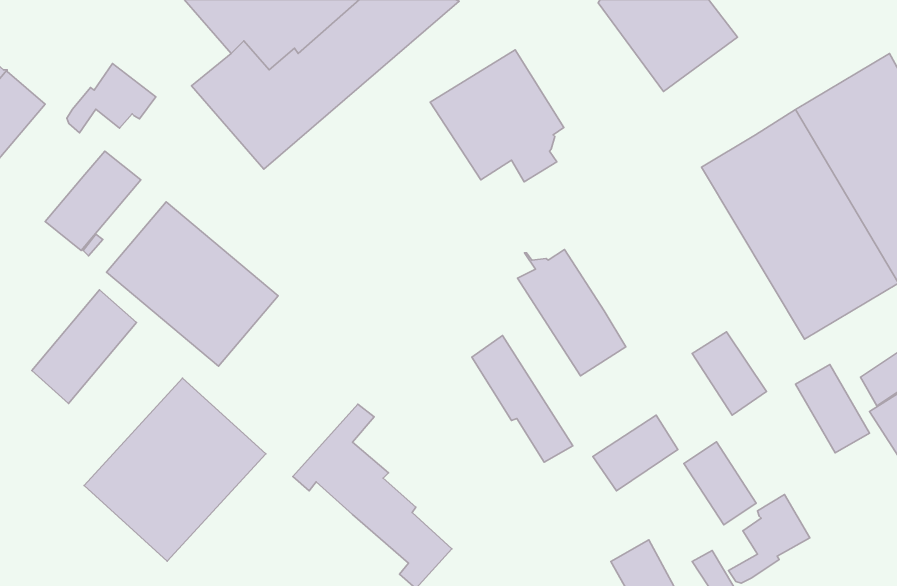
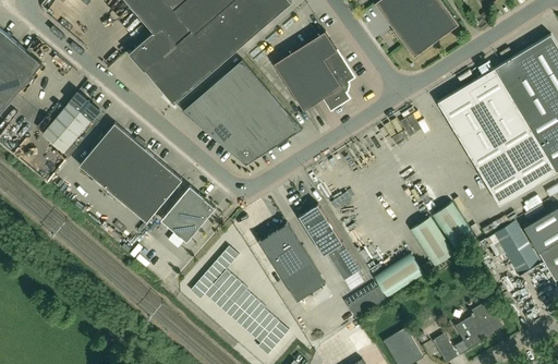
building: [67,63,156,133] -> none
building: none -> [182,60,302,166]
building: [517,249,626,376] -> [258,223,324,300]
building: [32,290,136,403] -> none
building: none -> [160,186,215,242]
building: [84,378,266,561] -> none
building: [684,442,756,525] -> [410,216,453,266]

